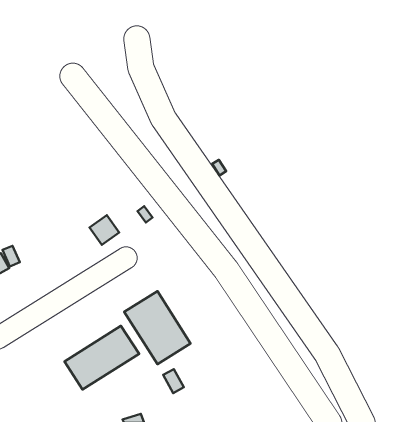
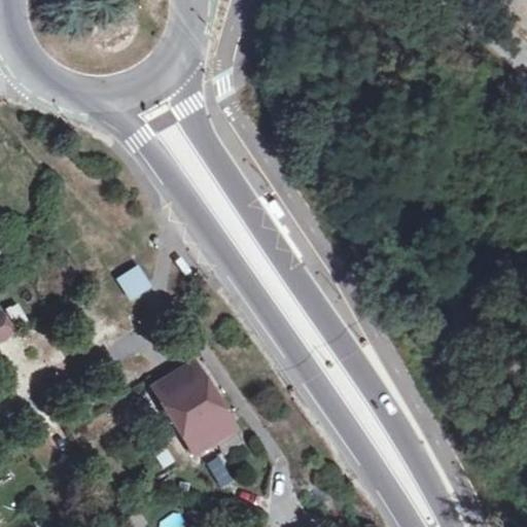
building: [64,326,139,390] -> none

